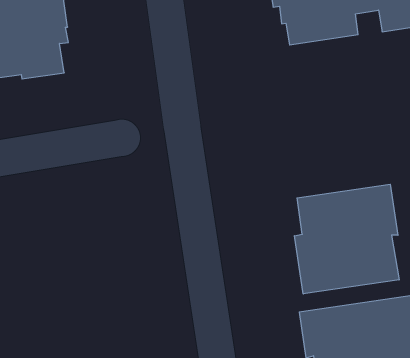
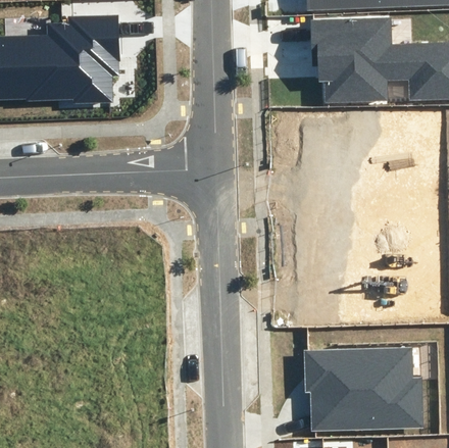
building: [294,184,399,294] -> none

